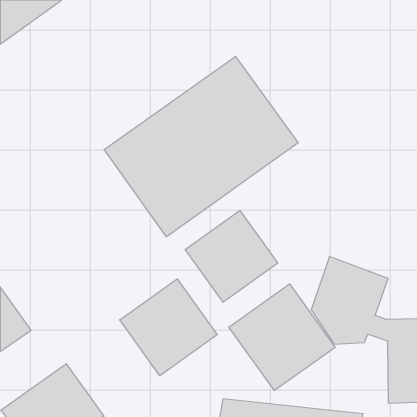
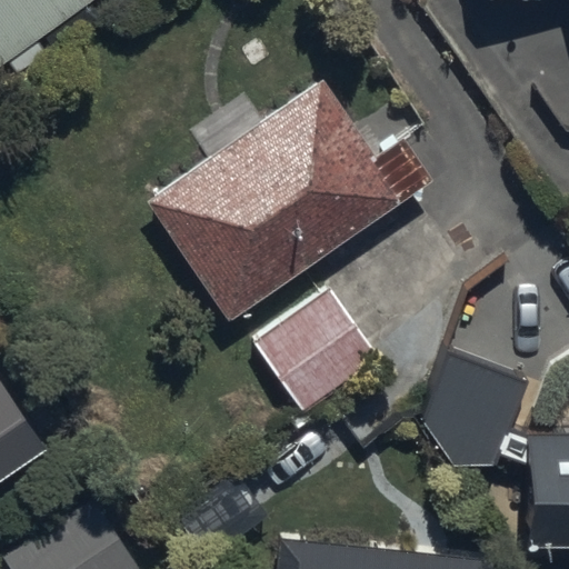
building: [120,279,217,376] -> none
building: [229,284,335,391] -> none

